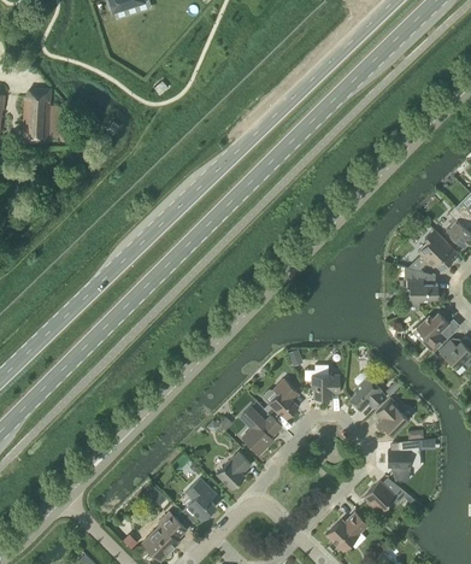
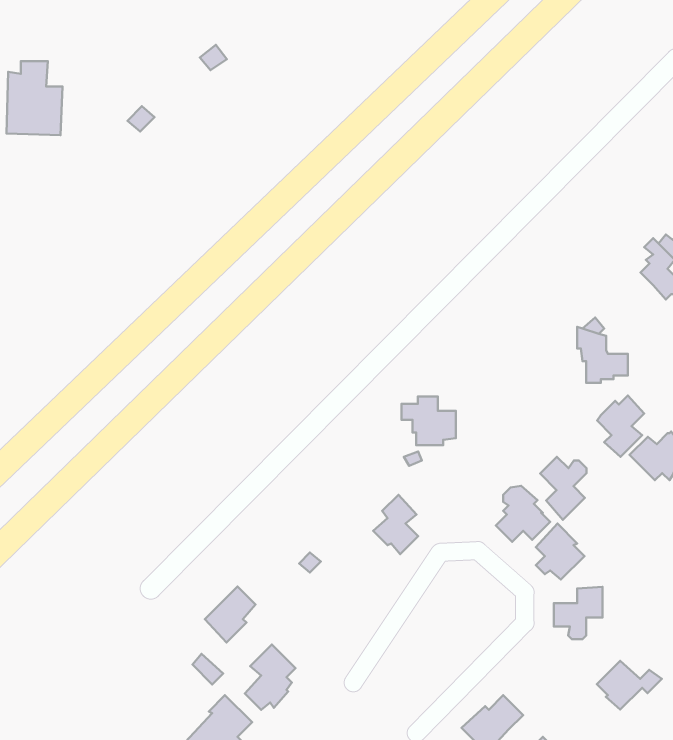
building: [418,229,455,270] -> none
building: none -> [540,457,587,520]
building: [304,365,340,398] -> [402,396,456,445]
building: [240,407,281,454] -> none
building: [217,452,251,489] -> [205,586,255,642]
building: [364,481,407,513] -> [597,661,662,709]

